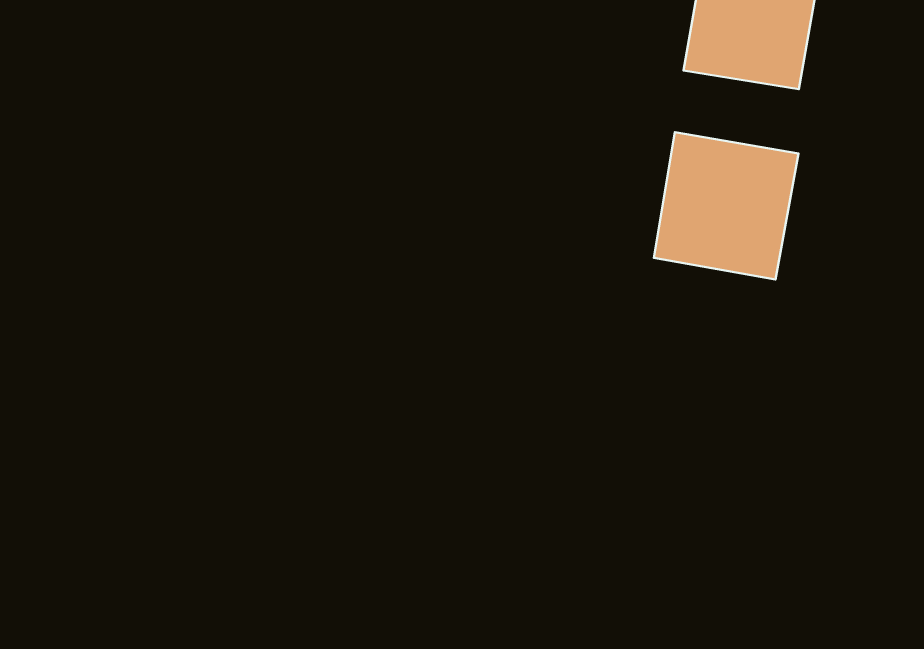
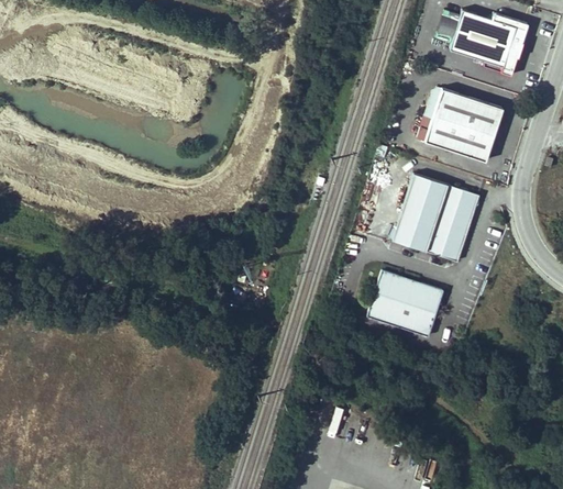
building: none -> [365,269,442,335]

